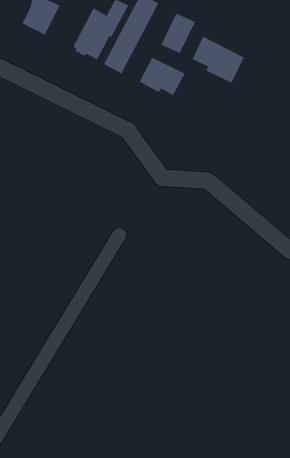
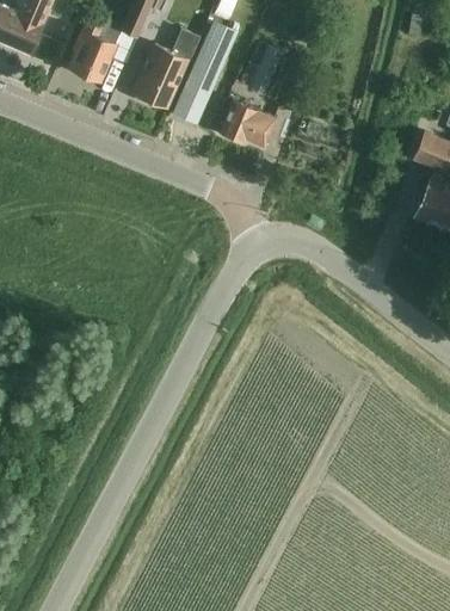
building: [192,36,245,83] -> none

